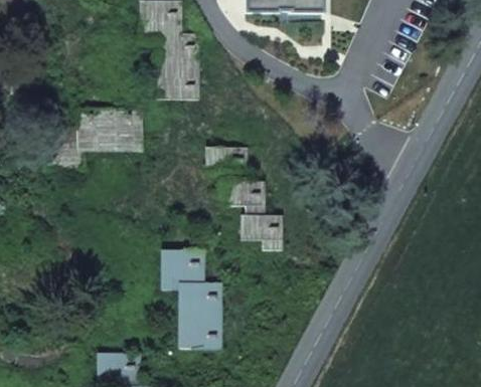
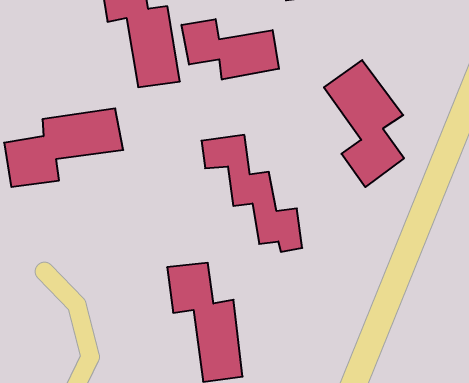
building: none -> [182,19,279,80]
building: none -> [324,60,404,187]

